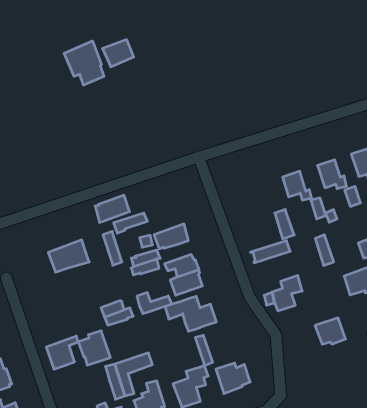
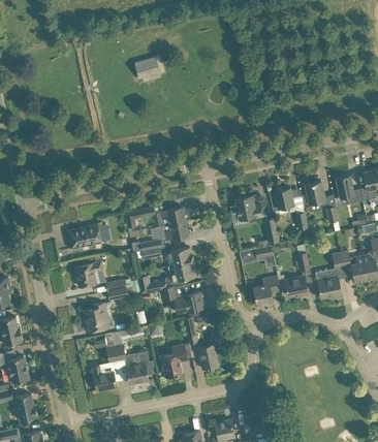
building: [64,41,104,85] -> none
building: none -> [235,195,265,217]
building: [95,195,130,222] -> [157,206,186,226]
building: [315,318,346,344] -> [284,275,309,296]
building: [46,336,78,369] -> [74,260,102,286]

